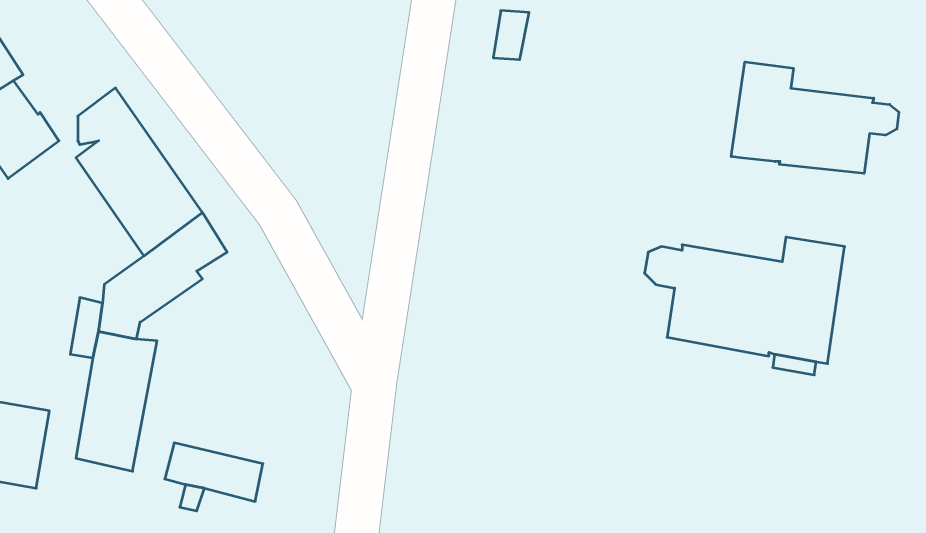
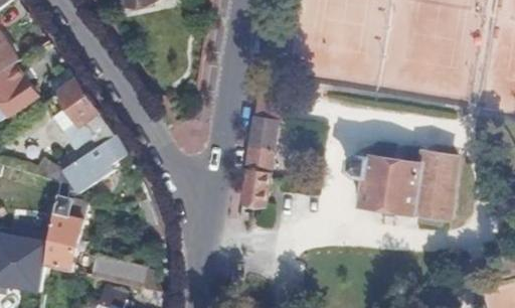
building: [731,62,899,173] -> none
building: none -> [241,94,283,207]

